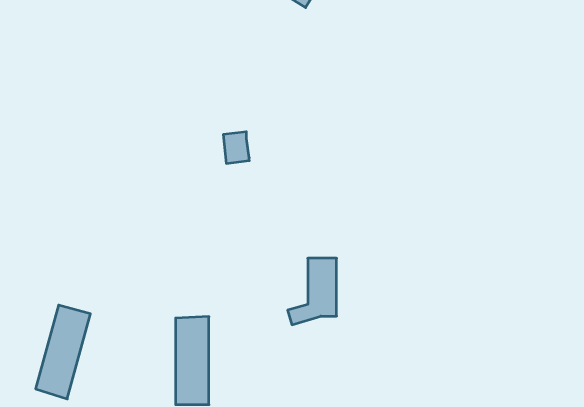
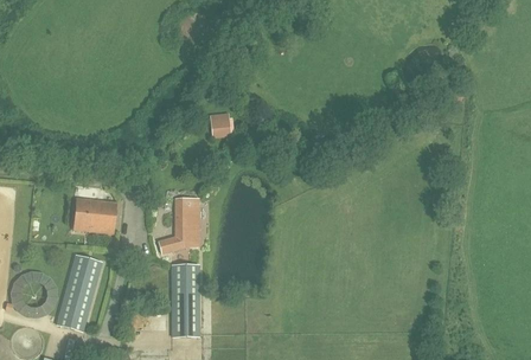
building: none -> [72,198,115,233]
building: [288,258,337,325] -> [158,199,198,253]

